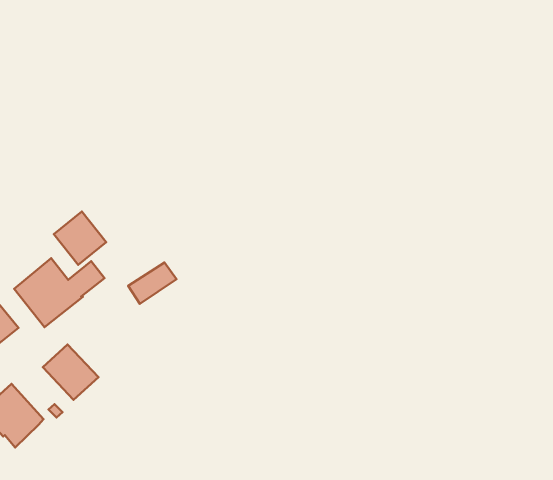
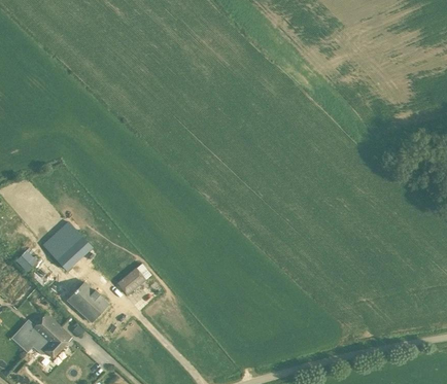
building: [54,212,106,265] -> none
building: [128,262,176,304] -> [115,265,149,295]

